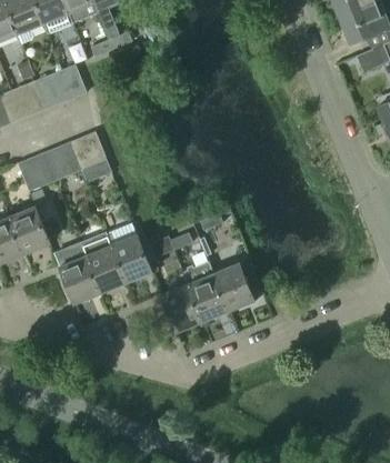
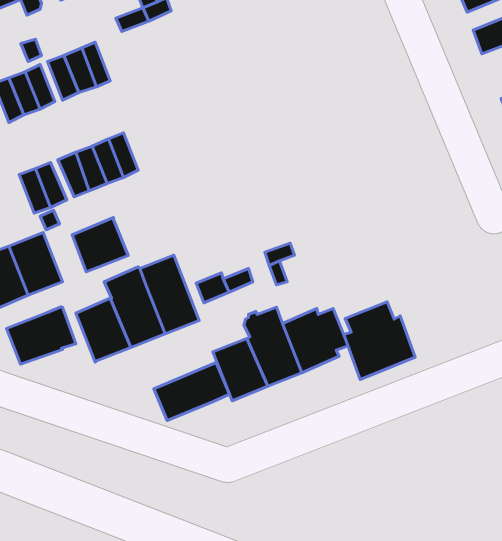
building: none -> [72,217,128,272]
building: none -> [344,302,415,380]
building: none -> [6,307,76,364]
building: none -> [154,363,229,421]

